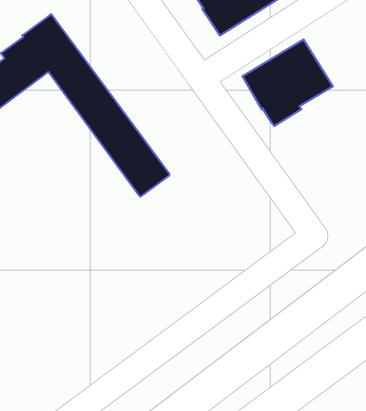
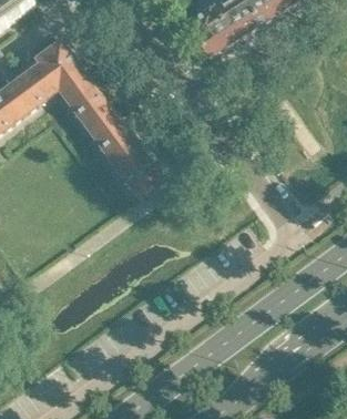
building: [243,39,333,126] -> none

